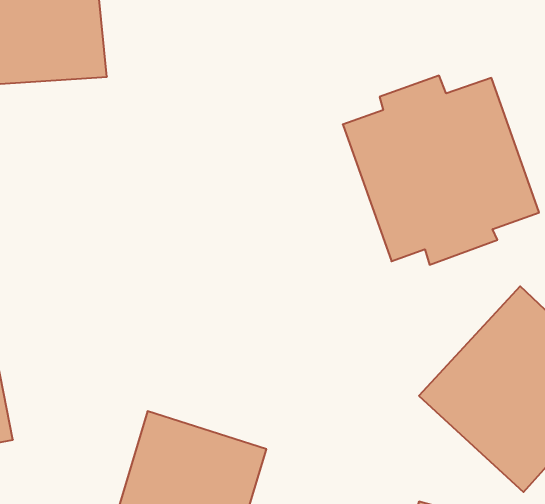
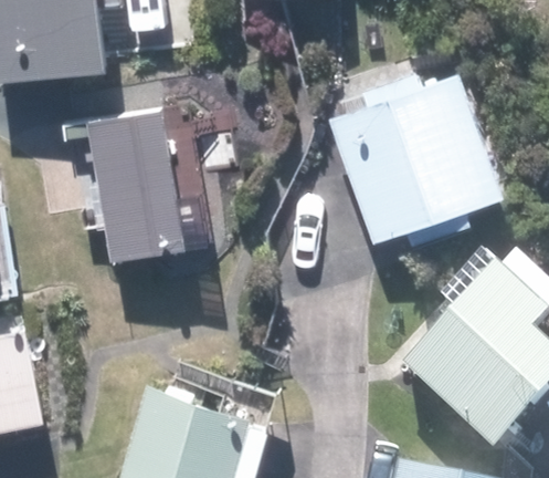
building: none -> [87,106,207,260]

